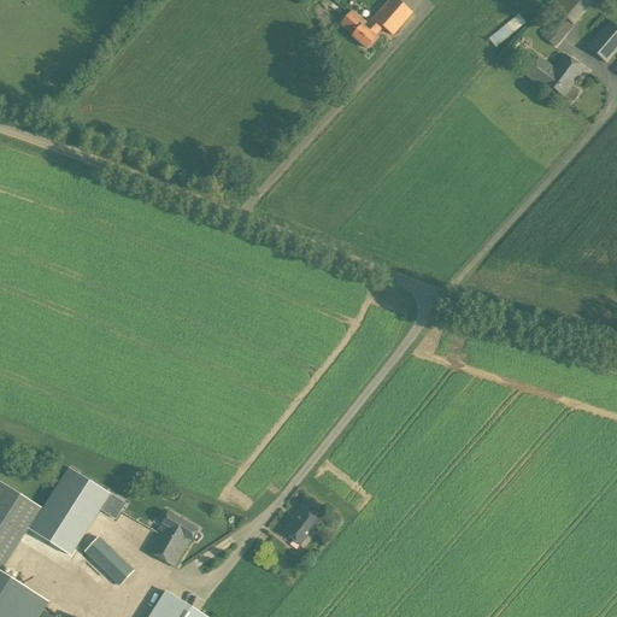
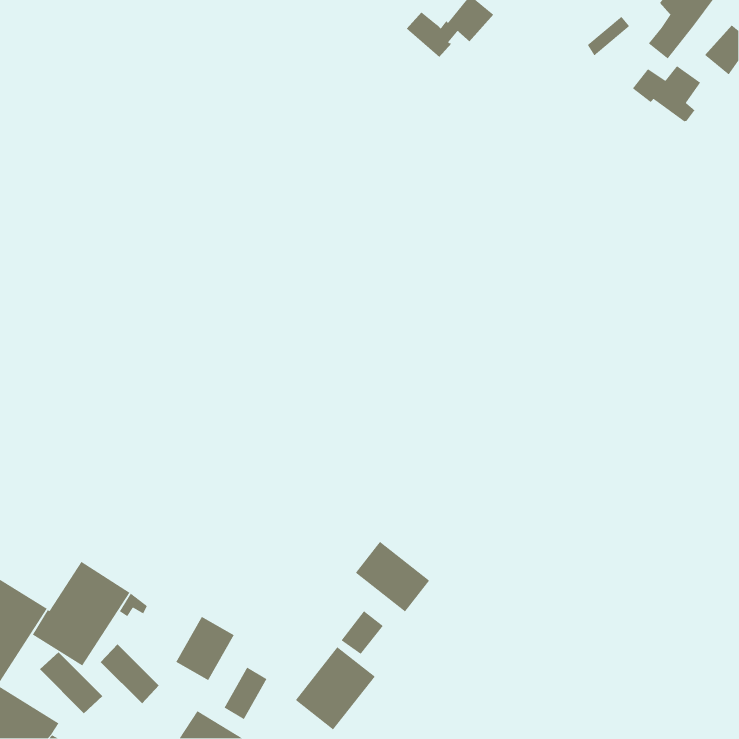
building: none -> [355,541,430,613]
building: none -> [295,646,376,730]
building: none -> [39,651,103,714]
building: none -> [224,667,267,720]

